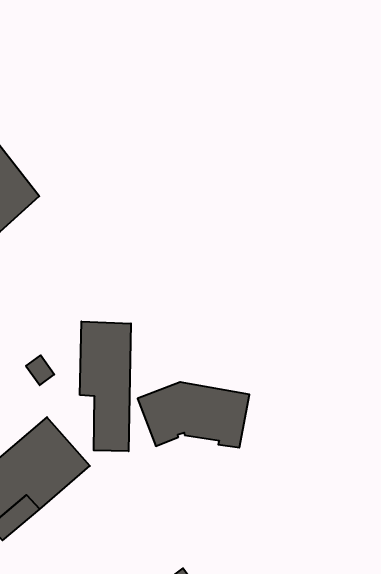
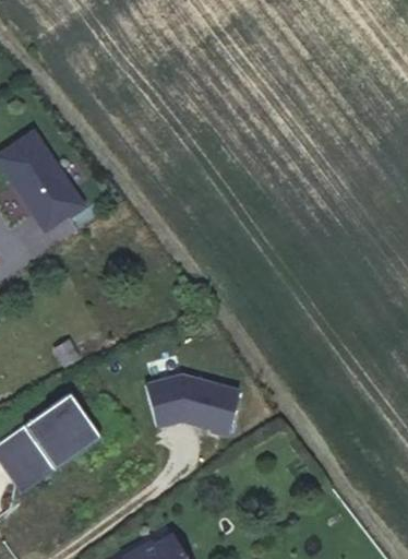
building: [80,321,131,451] -> none

